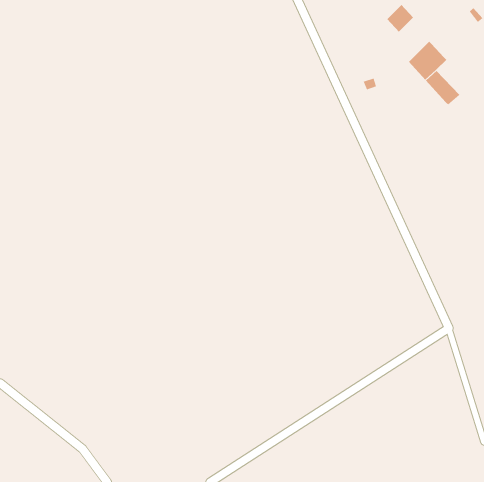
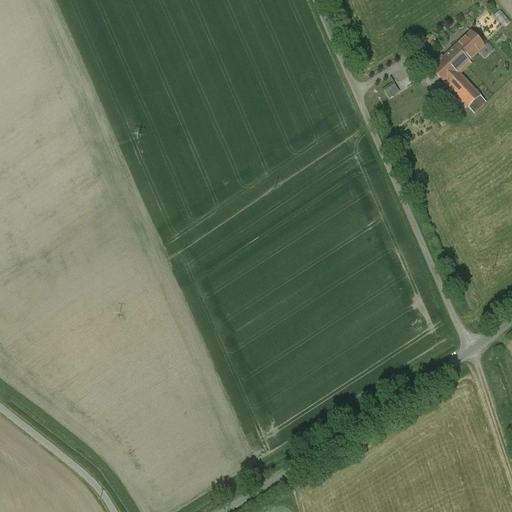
building: [386,4,414,33] -> [456,30,485,60]

